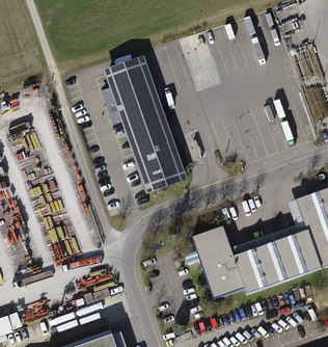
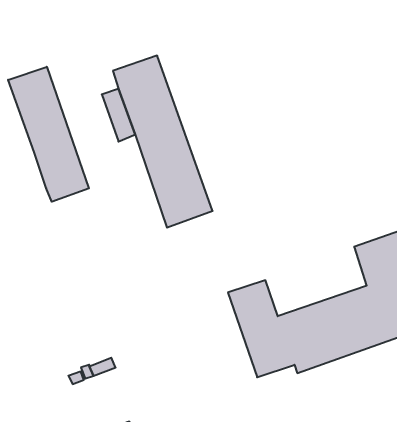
building: none -> [8,67,89,202]

